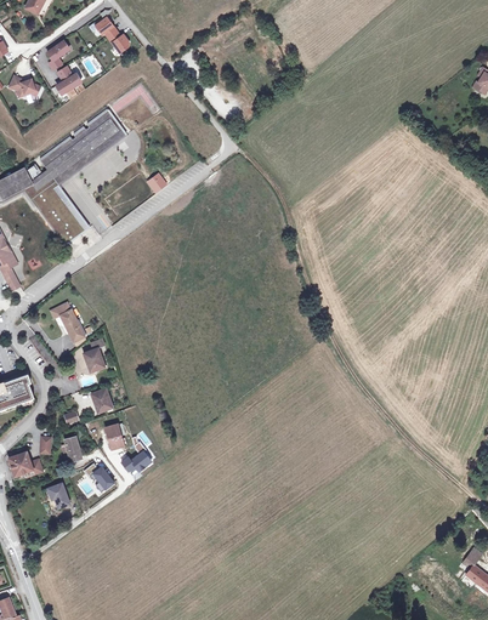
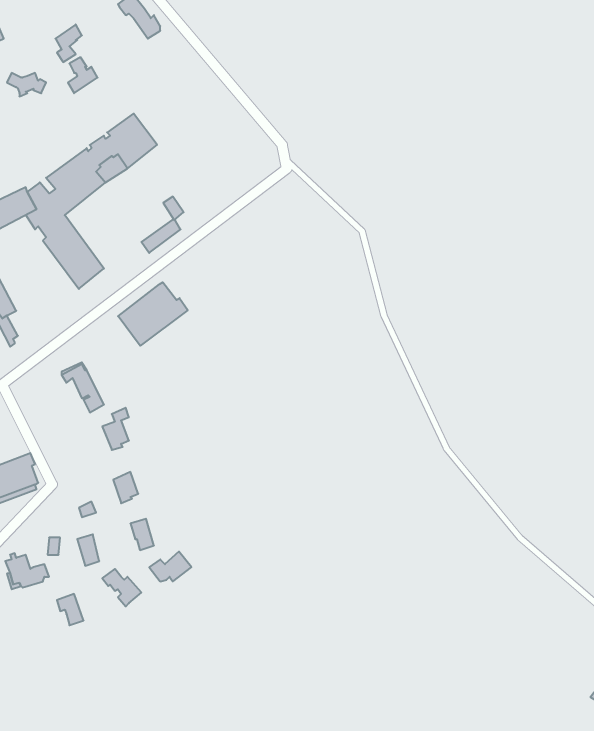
building: none -> [118,282,188,346]

